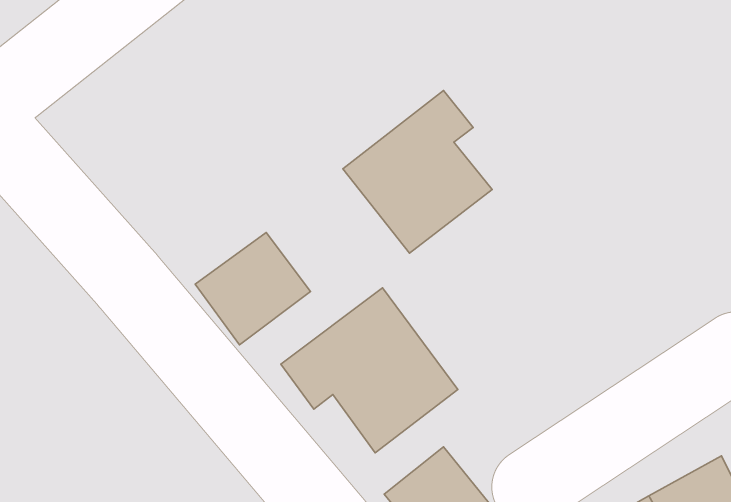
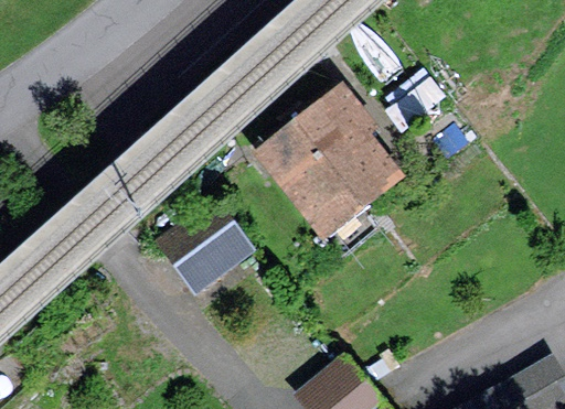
building: [281,288,458,453] -> none

